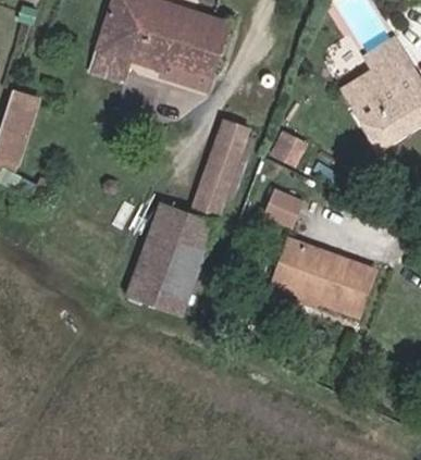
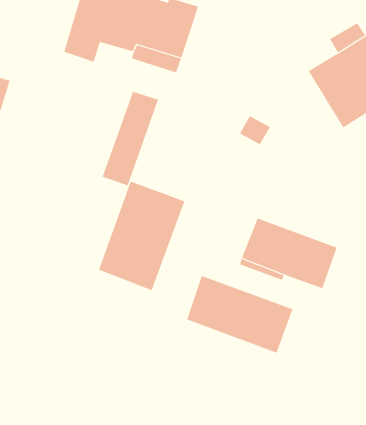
building: [191,119,250,216] -> [102,91,159,186]
building: [264,188,304,227] -> none
building: none -> [187,275,293,354]

